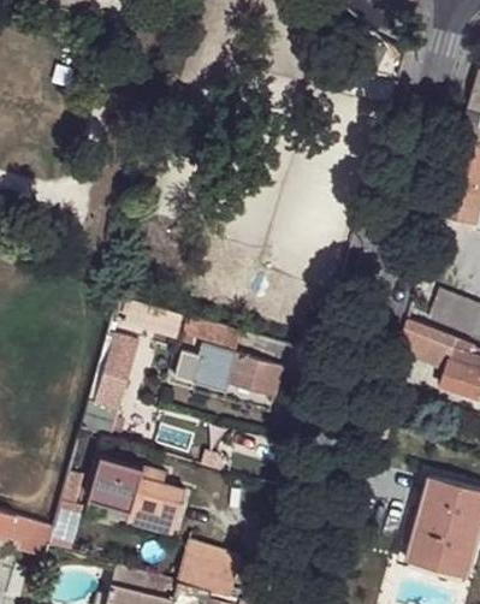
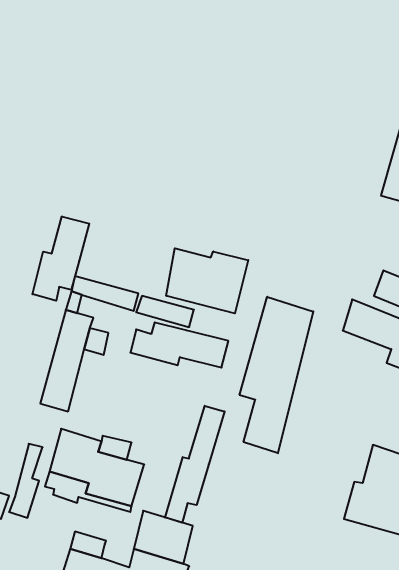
building: none -> [32,216,89,301]
building: none -> [166,248,248,313]
building: none -> [240,297,313,453]
building: none -> [165,406,225,523]

